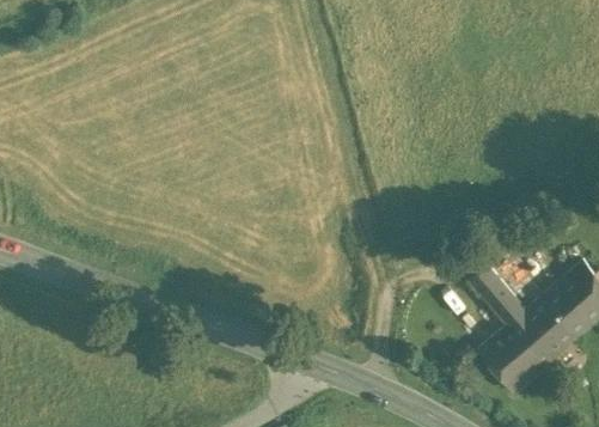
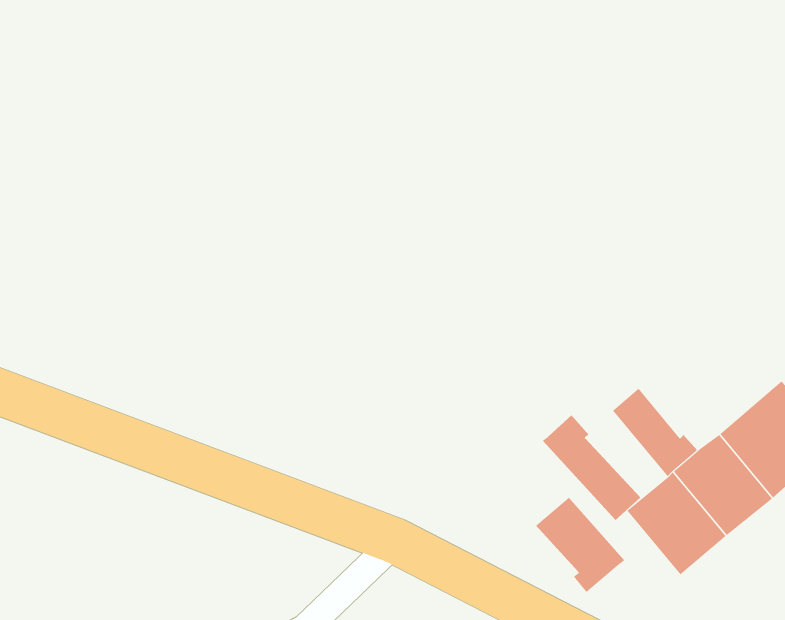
building: none -> [542,414,641,521]
building: none -> [535,497,625,593]

